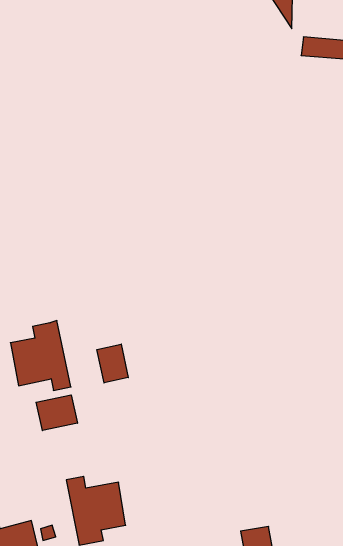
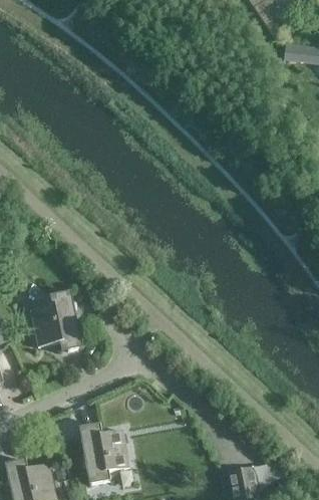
building: [97,344,128,383] -> none
building: [36,395,77,431] -> none

